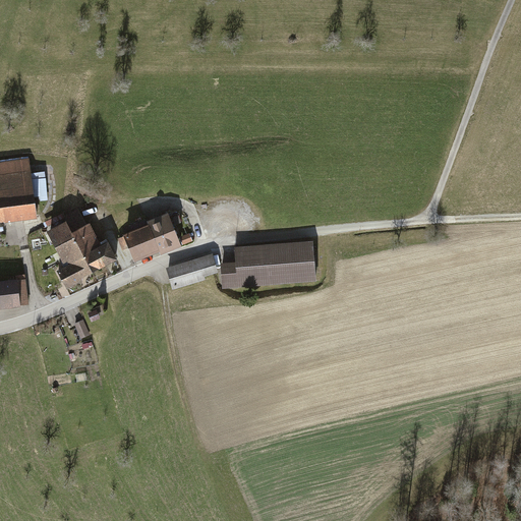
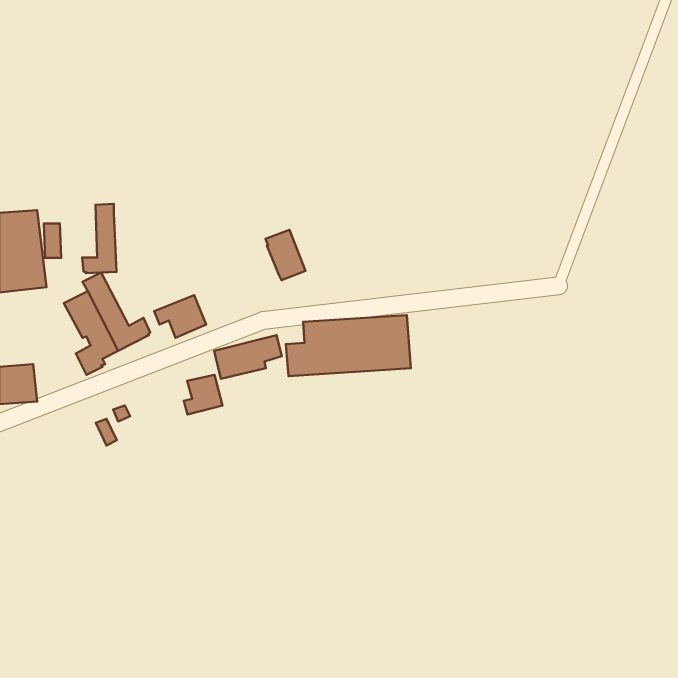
building: none -> [82,204,116,273]
building: [148,214,178,252] -> [266,230,305,280]
building: none -> [184,375,222,415]

